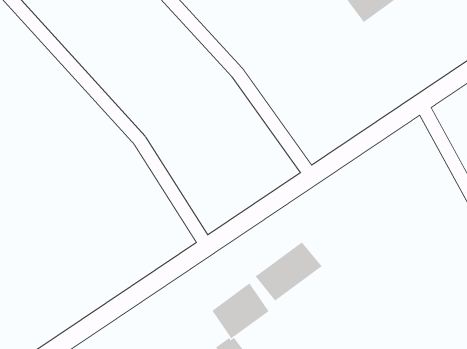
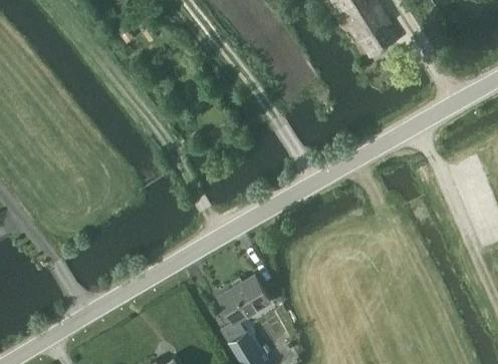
building: [255,241,322,301] -> none

